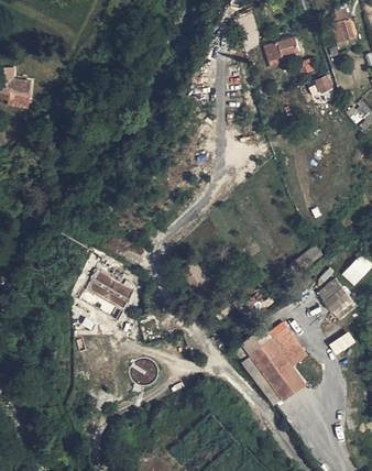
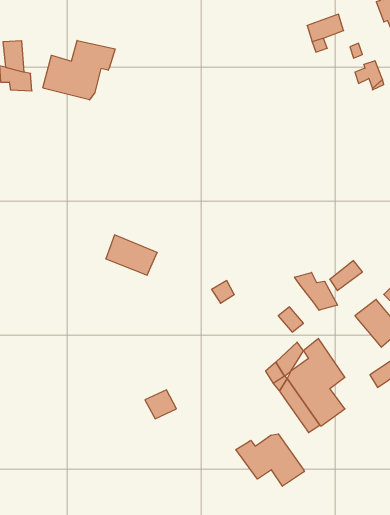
building: none -> [43,40,115,100]
building: none -> [295,272,337,310]
building: [86,275,131,310] -> [106,235,157,275]
building: none -> [236,434,304,486]

